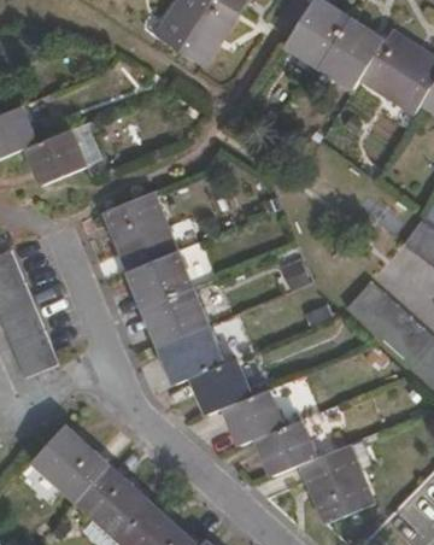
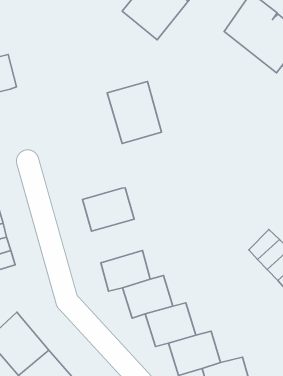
building: [28,130,87,187] -> none
building: [106,194,178,274] -> [107,82,162,144]
building: [147,291,212,348] -> none

